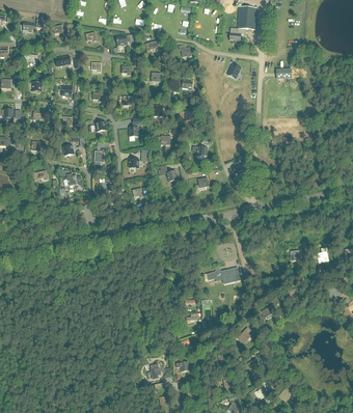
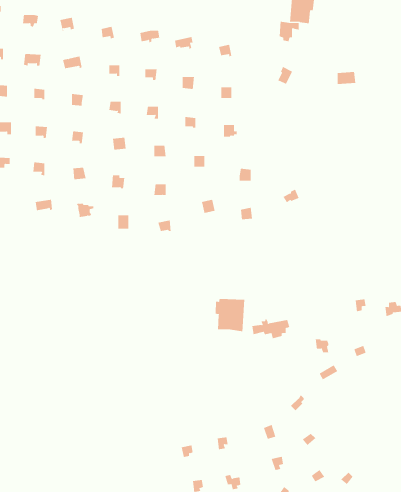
building: none -> [215,298,245,332]

